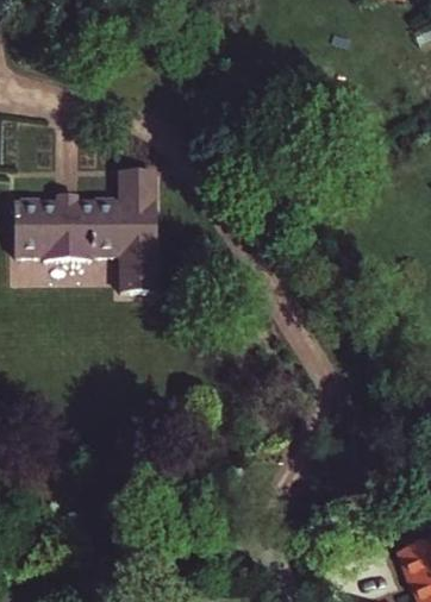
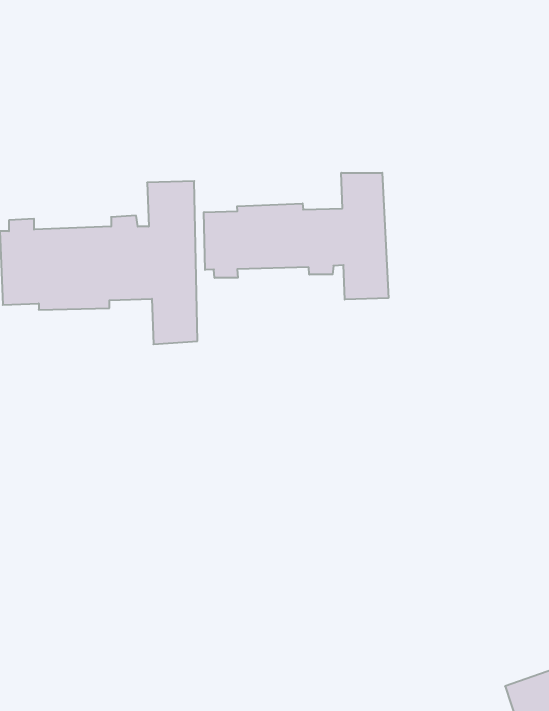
building: none -> [204,173,388,300]

